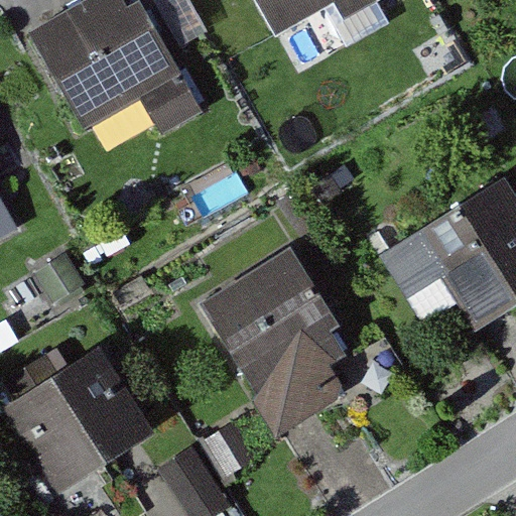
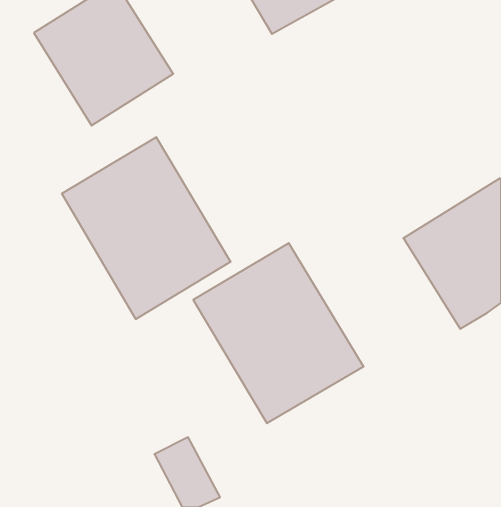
building: none -> [62,137,231,319]
building: [12,350,157,493] -> none

